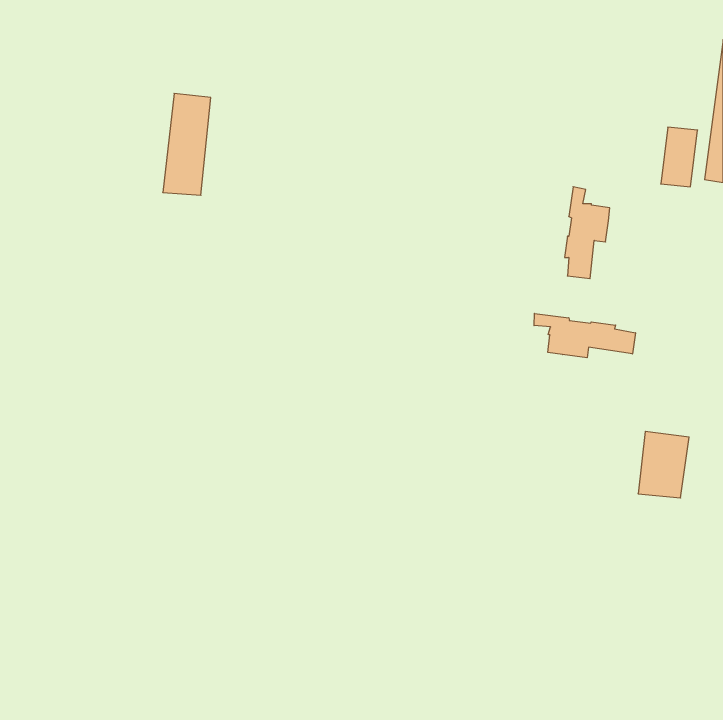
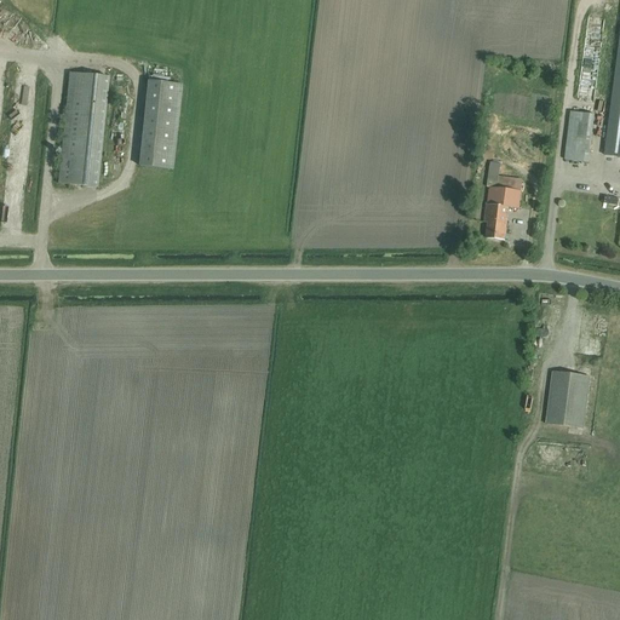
building: none -> [58,71,108,185]
building: [534,313,635,358] -> none

